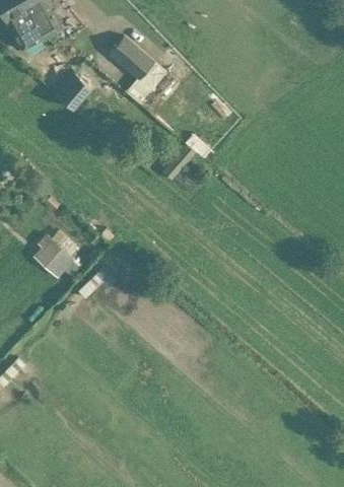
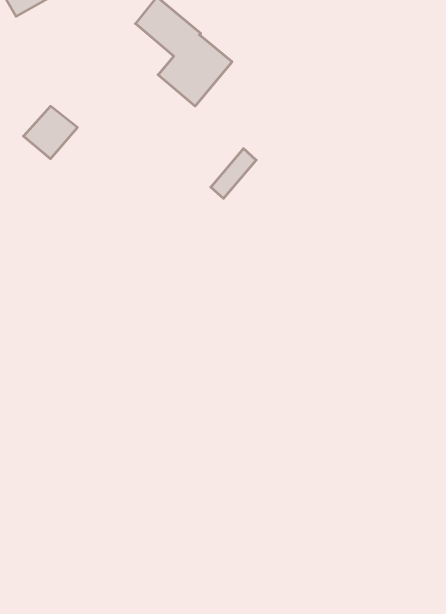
building: [52,71,90,109] -> [23,106,77,159]
building: [31,232,72,276] -> none

